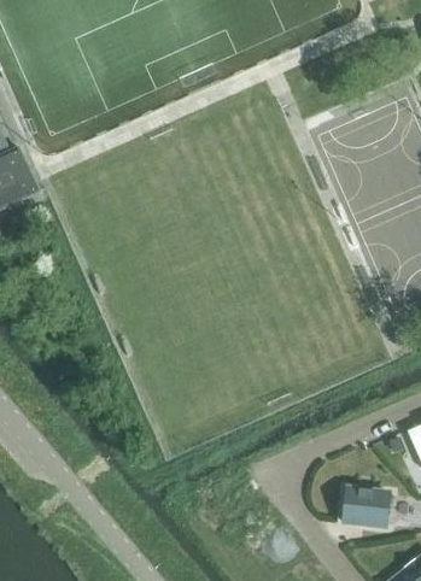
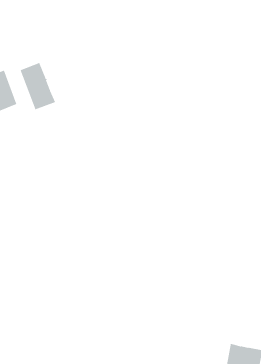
building: none -> [20,62,56,110]

